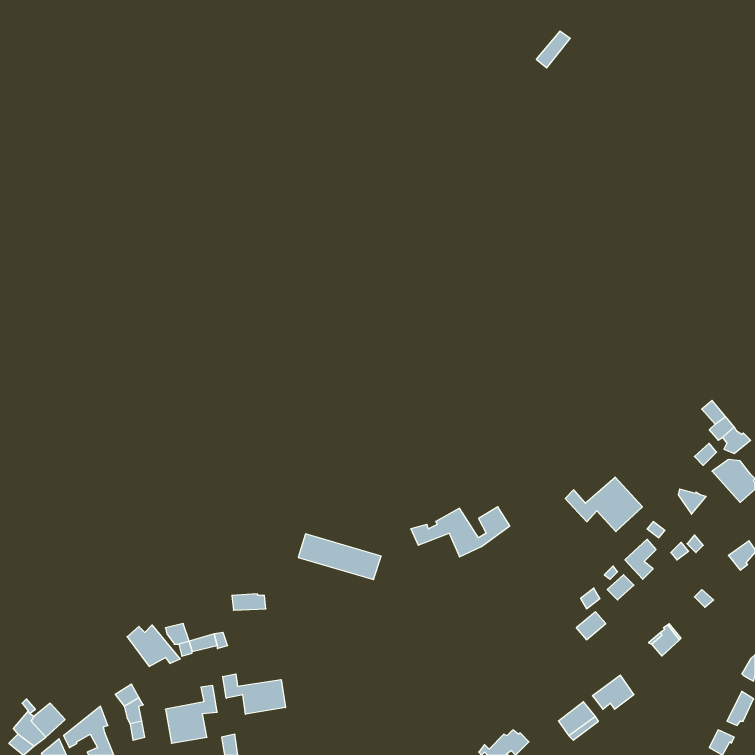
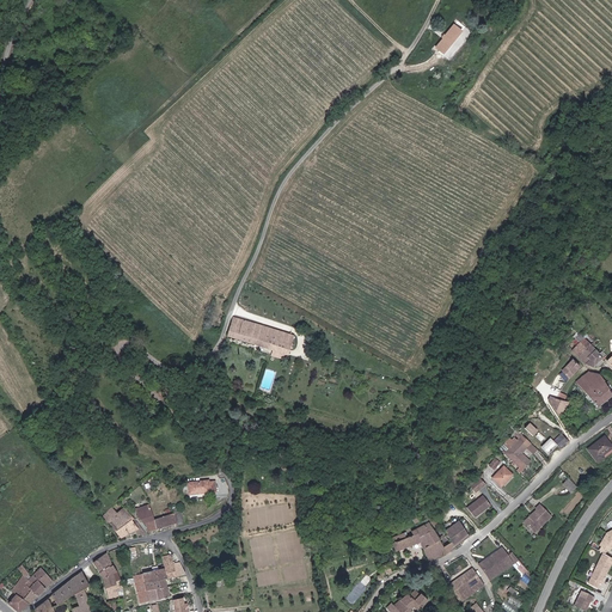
building: [565,477,642,532] -> none
building: [411,507,510,557] -> [388,520,469,561]
building: [298,534,381,580] -> [228,317,295,354]
building: [223,674,285,714] -> none

